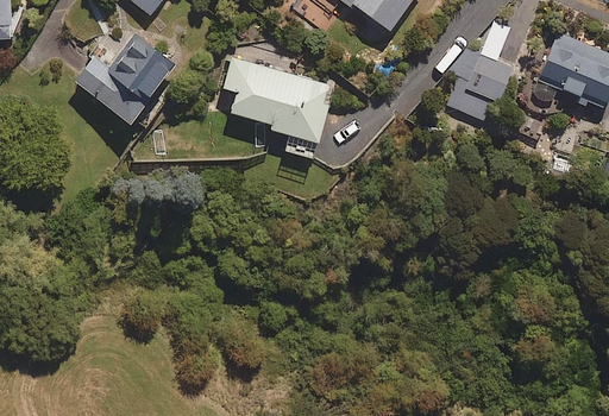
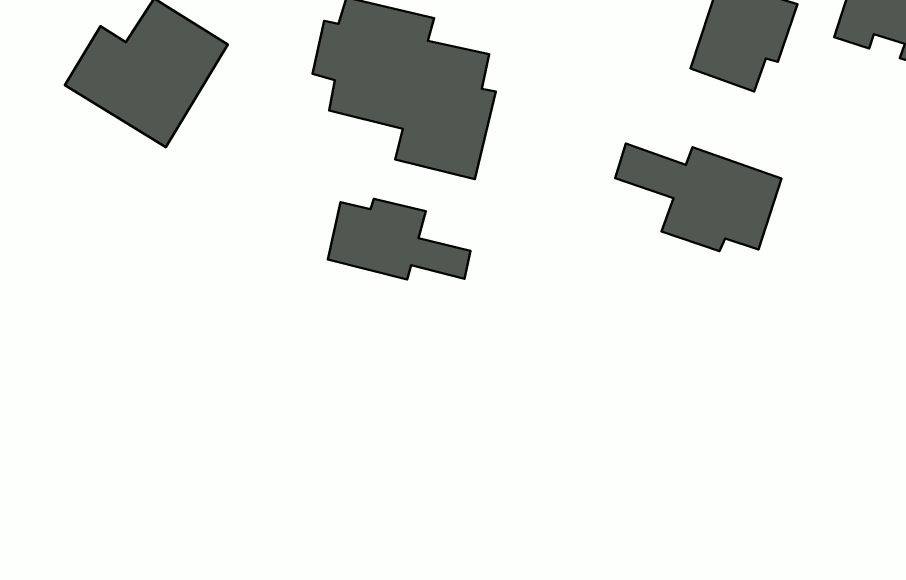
building: none -> [615,144,781,251]
building: none -> [328,199,470,280]

